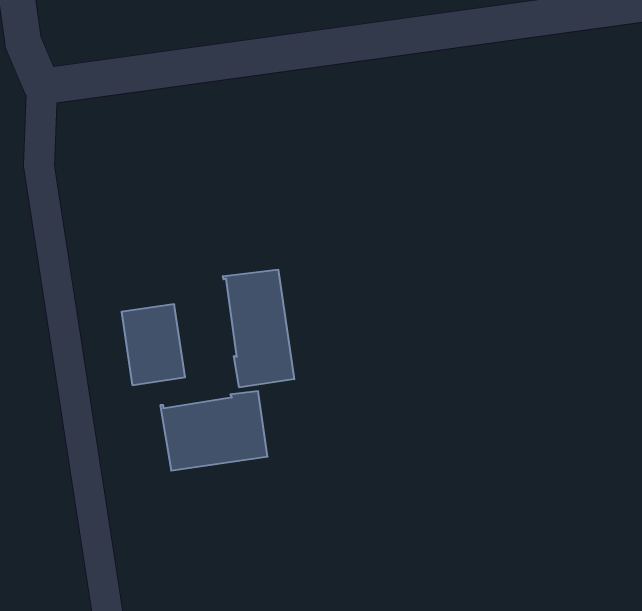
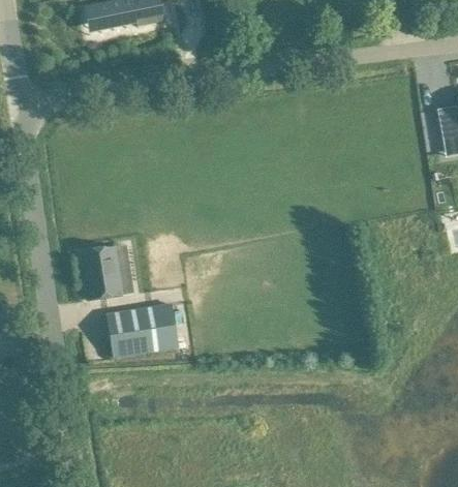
building: [223,270,294,387] -> none

